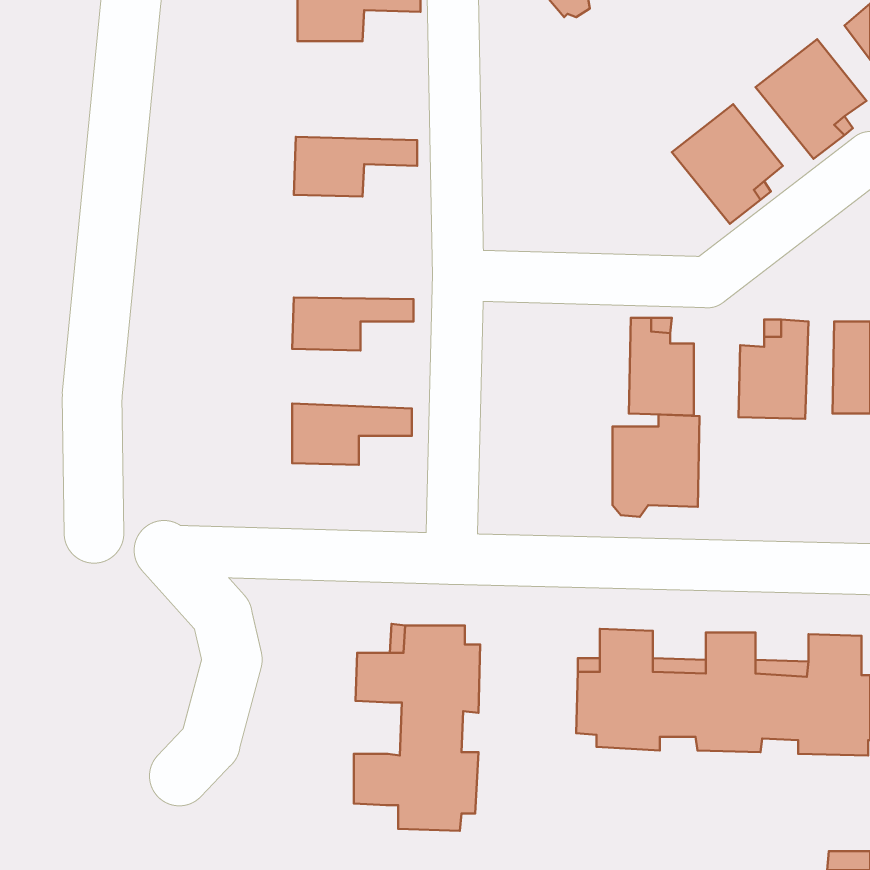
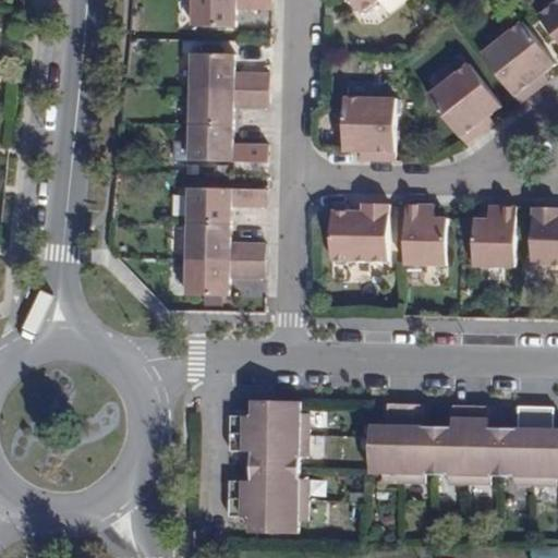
building: none -> [189,52,267,89]
building: none -> [340,101,390,160]
building: none -> [187,124,265,162]
building: none -> [186,222,263,260]
building: [612,414,700,517] -> [333,202,389,267]

